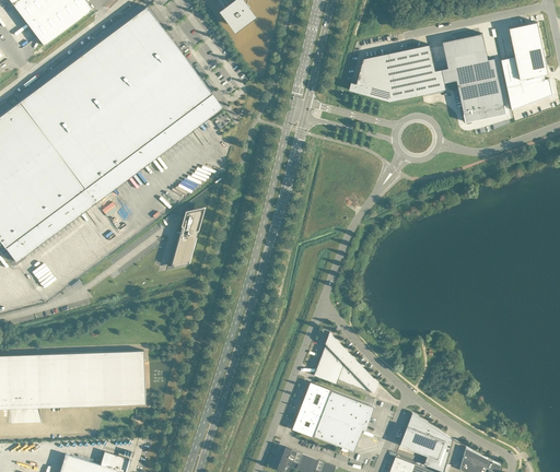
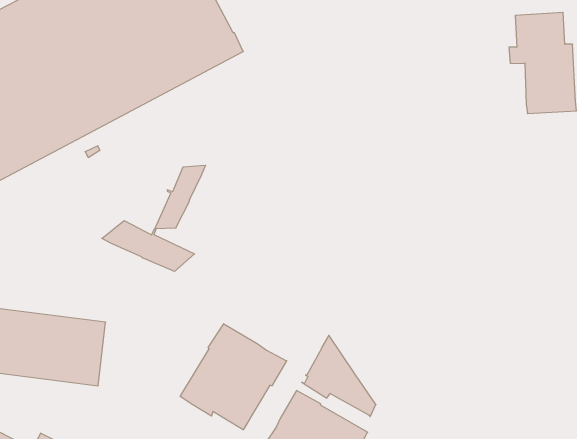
building: [348,45,445,102] -> none
building: none -> [102,221,195,271]
building: none -> [180,324,287,430]

